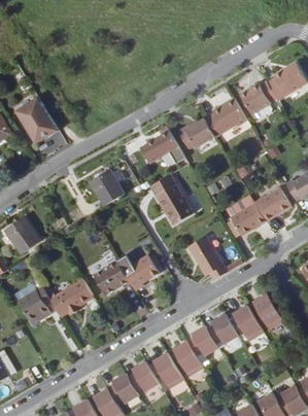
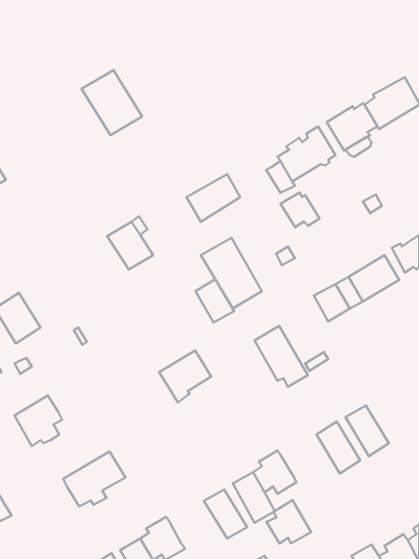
building: [15,97,59,143] -> [82,70,142,135]
building: [178,125,206,149] -> [281,192,320,227]
building: none -> [195,279,234,323]
building: [92,262,127,297] -> none
building: [47,279,92,318] -> [63,451,125,506]
building: [206,314,238,345] -> [266,500,311,544]
building: [127,362,158,393] -> none

